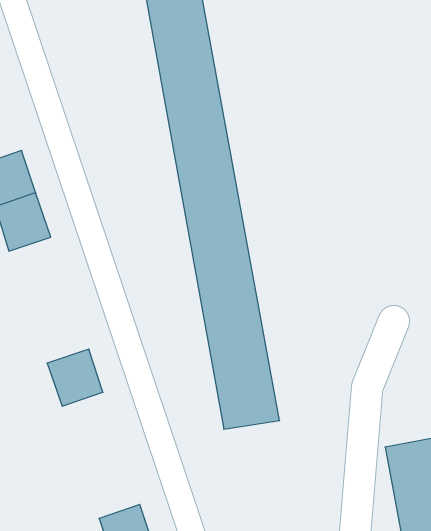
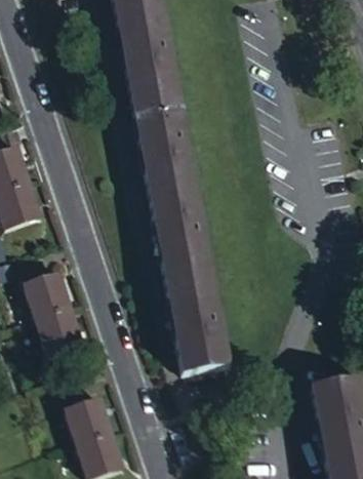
building: none -> [28,272,73,317]
building: none -> [70,397,114,442]

